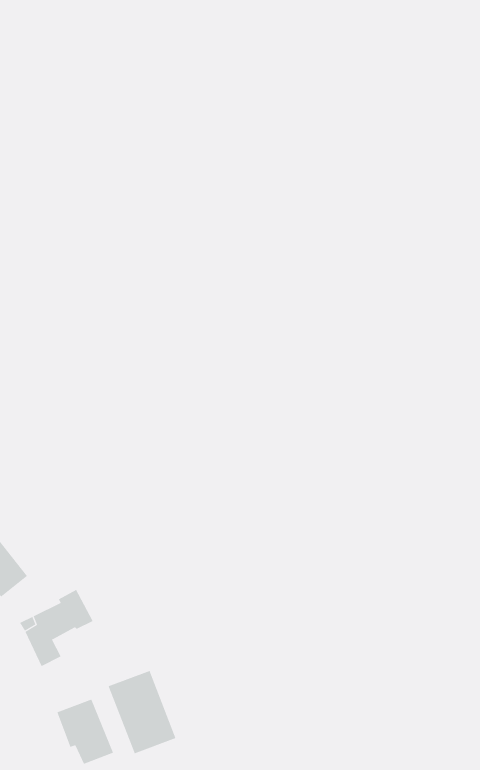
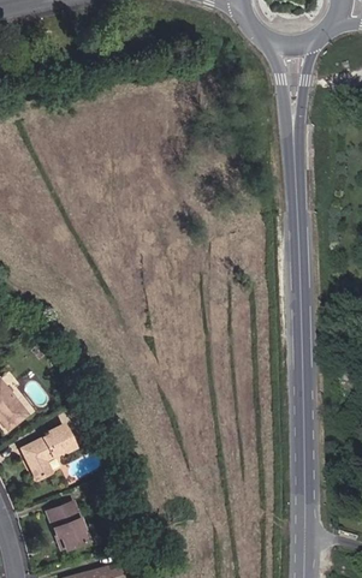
building: [108,670,176,754] -> none

